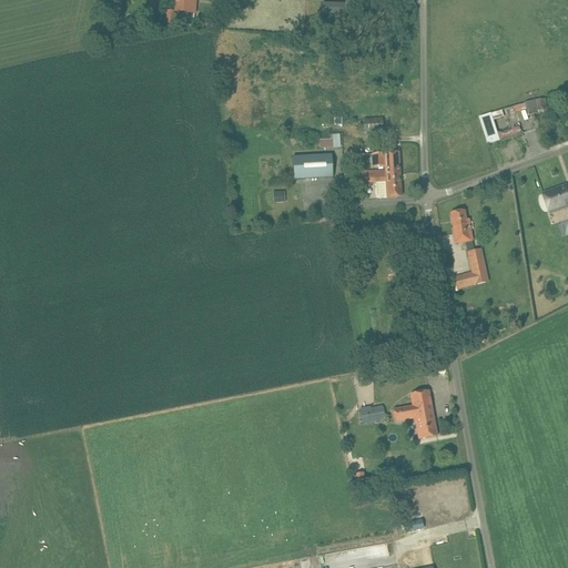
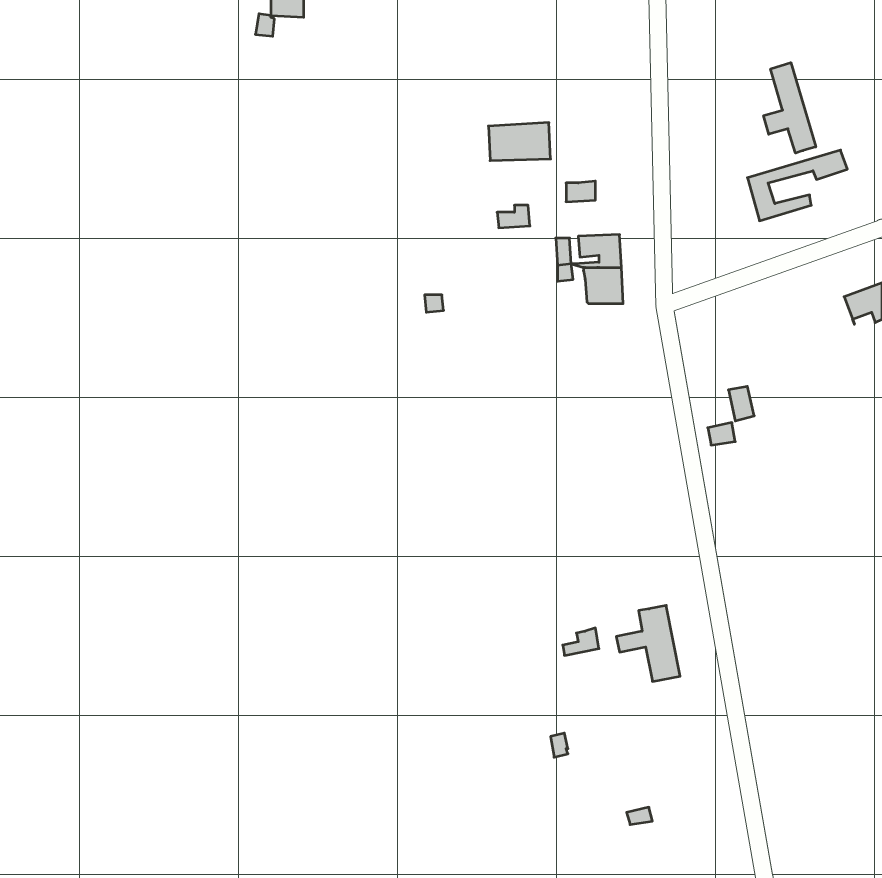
building: none -> [764,63,816,153]
building: [293,153,333,178] -> [488,123,551,161]
building: [450,210,473,242] -> none

